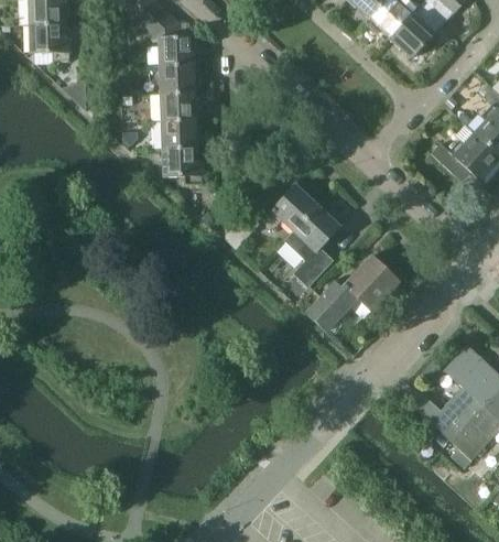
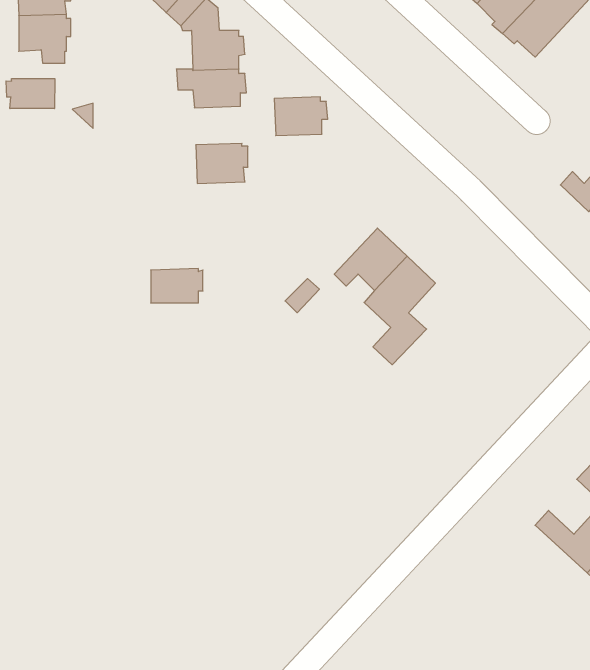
building: none -> [6,79,55,109]
building: [160,94,199,122] -> [274,97,328,136]
building: [162,150,200,175] -> [151,269,203,303]
building: [307,256,398,328] -> none

